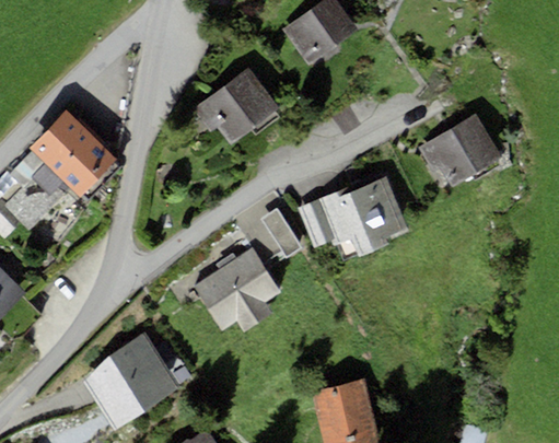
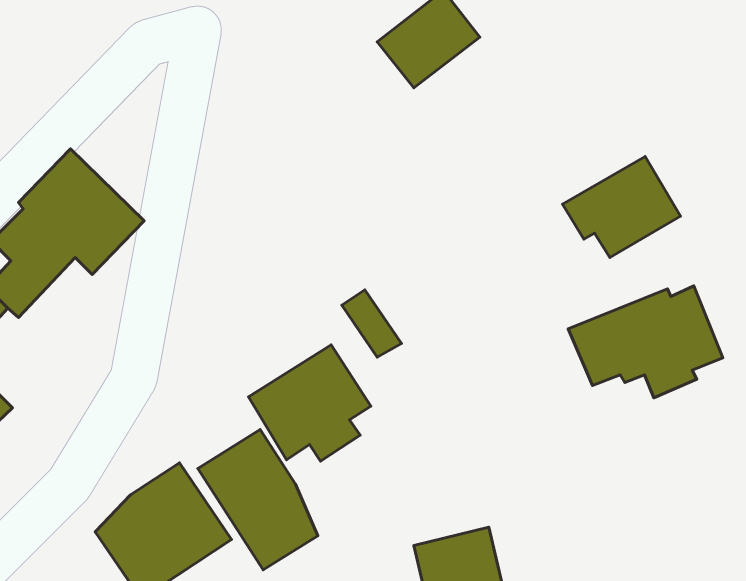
building: [191,68,279,145] -> none
building: [296,177,407,257] -> [568,286,723,398]
building: none -> [198,429,318,570]

